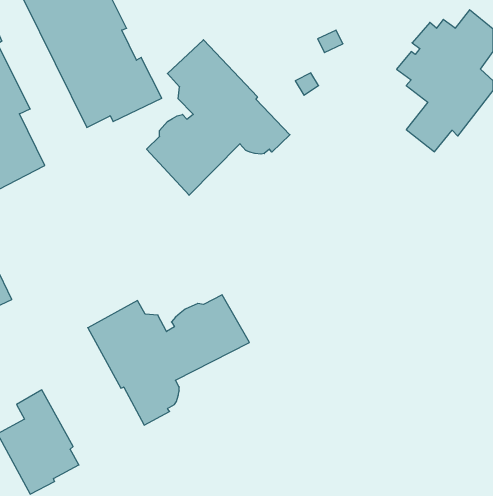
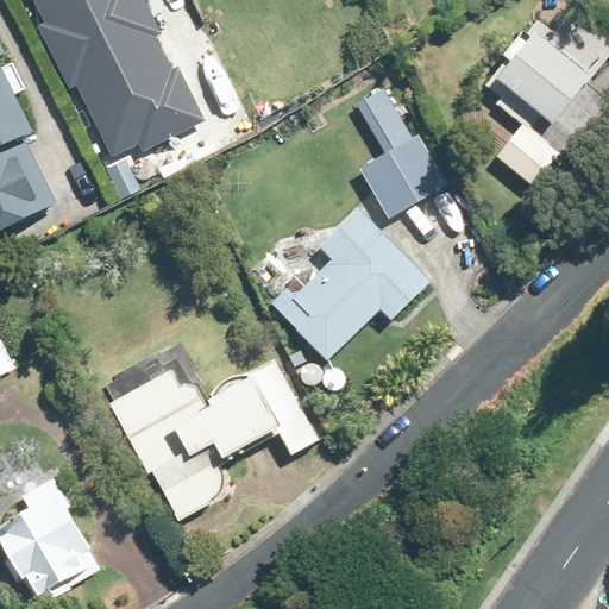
building: [147,40,290,195] -> none
building: none -> [363,137,439,209]
building: none -> [271,207,431,362]

